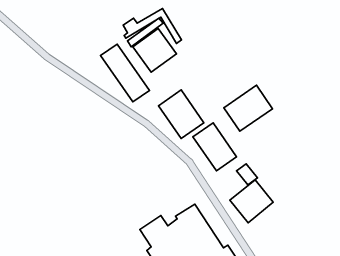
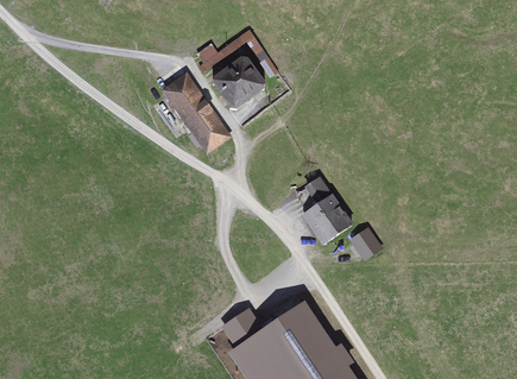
building: [224,85,273,131] -> none
building: [158,90,204,139] -> none
building: [230,180,273,223] -> none

